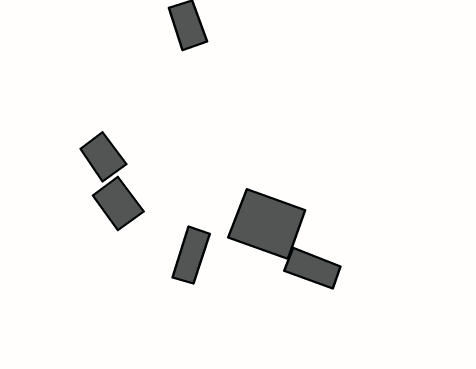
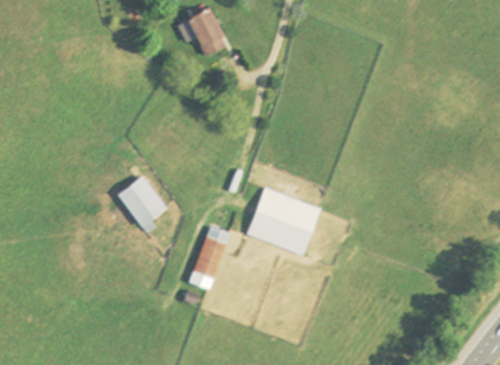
building: [80,132,126,181] -> none
building: [284,248,341,289] -> none

